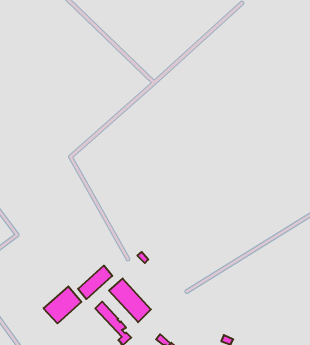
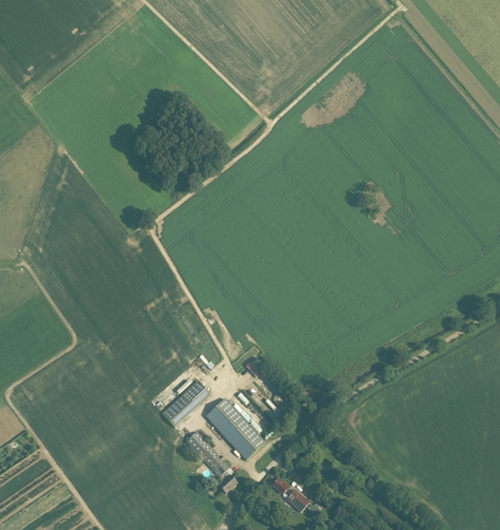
building: [44,286,81,323] -> none

